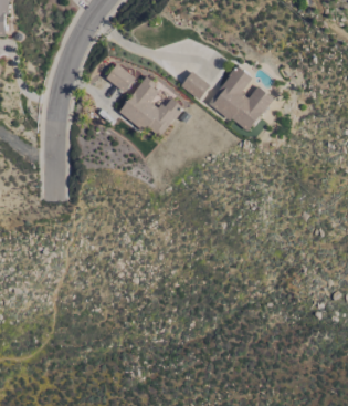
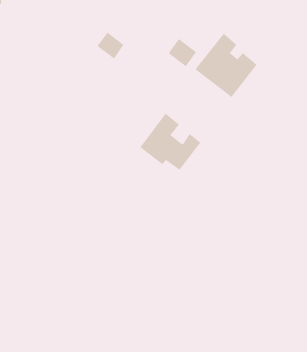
building: [118,76,182,136] -> [139,113,201,170]

